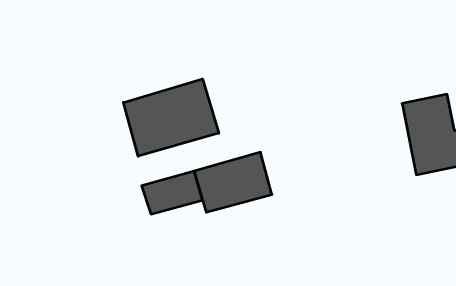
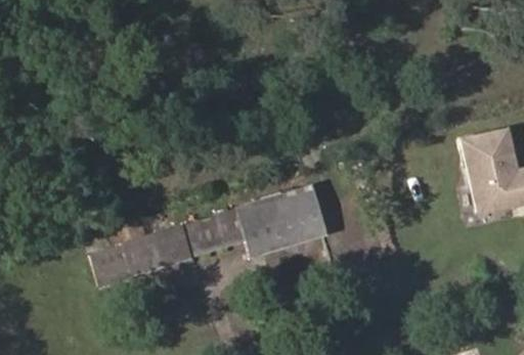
building: [123,79,219,156] -> none
building: none -> [91,226,189,282]

